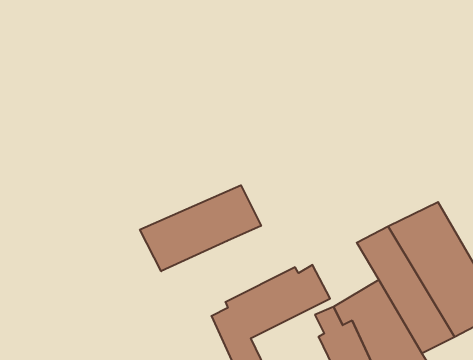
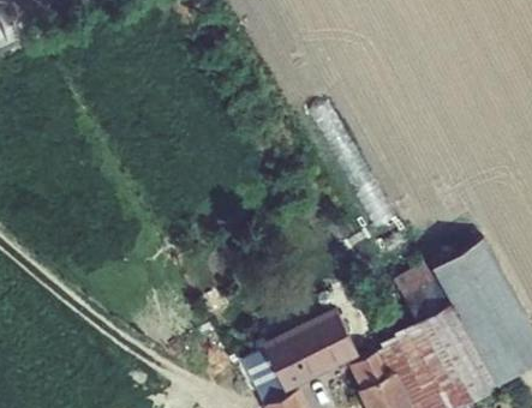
building: [140,185,261,271] -> none

